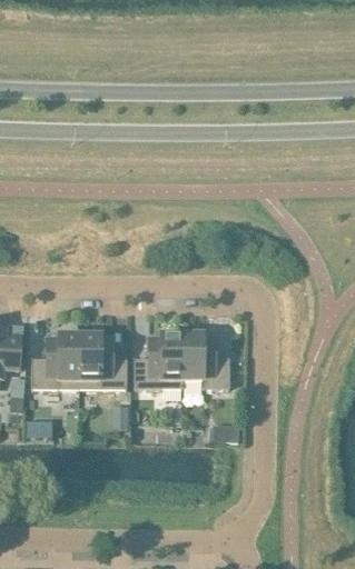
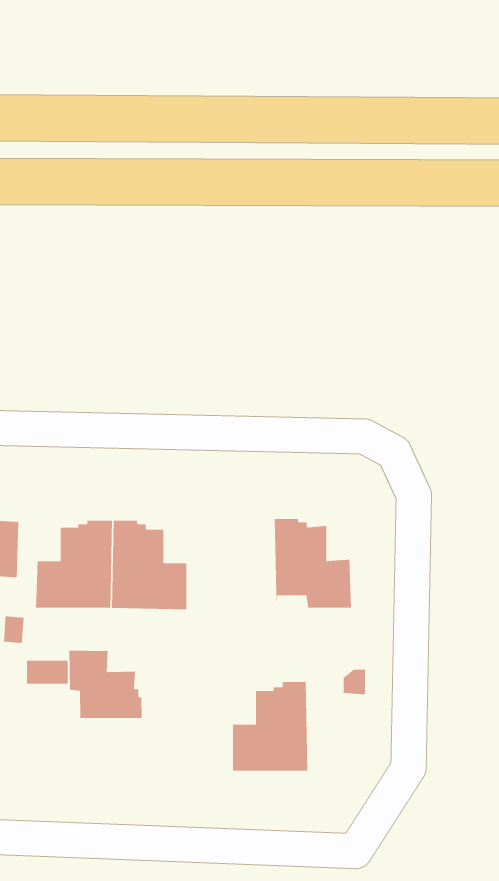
building: [135,330,183,387] -> [232,681,308,772]
building: none -> [68,650,142,719]

